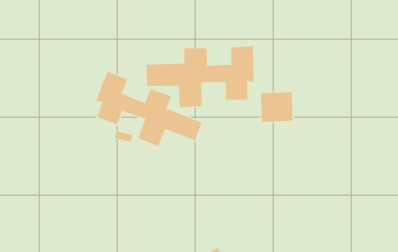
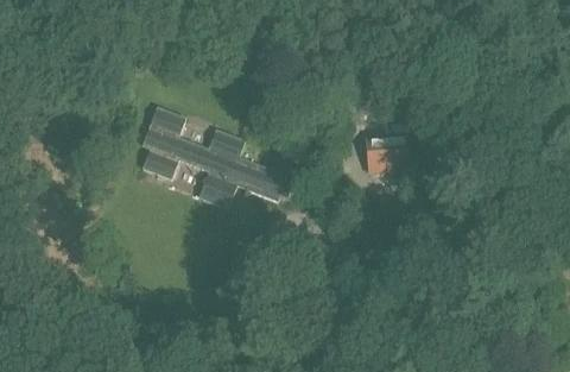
building: [146,46,254,108] -> none

